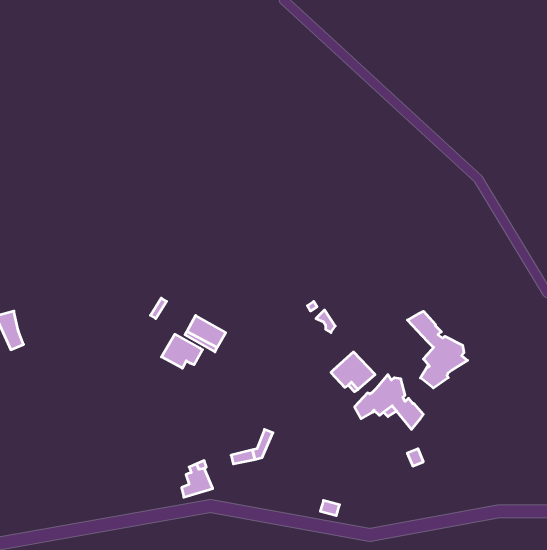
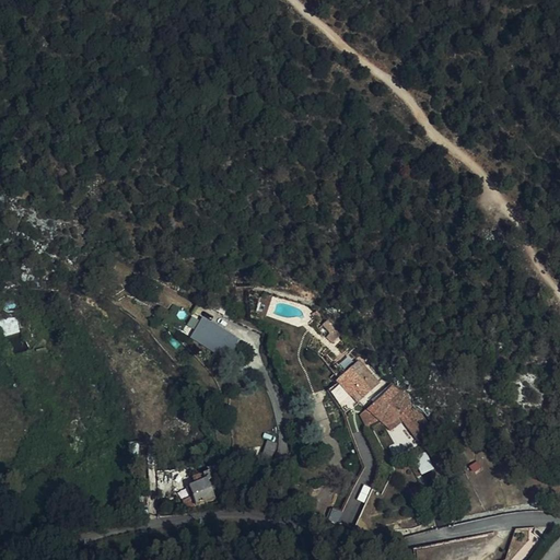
building: [407,311,468,388] -> none
building: [161,334,203,368] -> none

